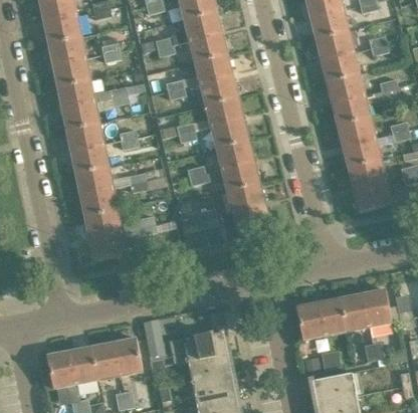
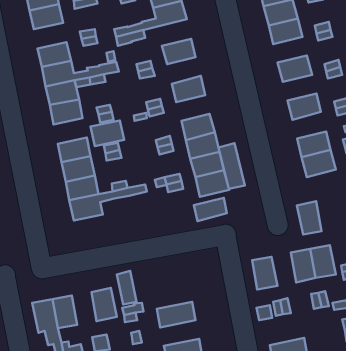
building: [188,32,226,62] -> none
building: [47,36,84,65] -> none
building: [320,52,358,81] -> none
building: [199,75,237,106] -> none
building: [331,95,369,125] -> none
building: [209,119,247,148] -> none
building: [342,138,380,168] -> none
building: [69,145,108,174] -> [91,120,124,146]
building: none -> [218,143,245,189]
building: none -> [194,198,227,221]
building: [318,297,346,336] -> [297,201,322,235]
building: [183,329,227,362] -> none
building: [90,343,119,380] -> none
building: [311,373,355,403] -> none
building: [191,375,235,404] -> none

